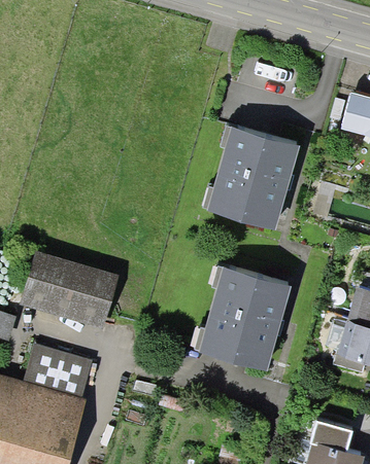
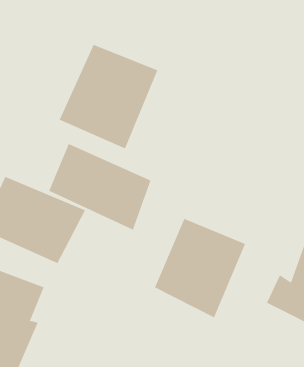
building: [205,124,302,229] -> [59,44,158,149]
building: none -> [48,143,151,230]

